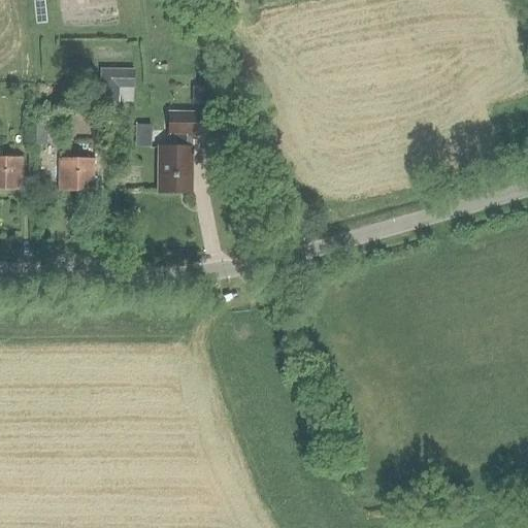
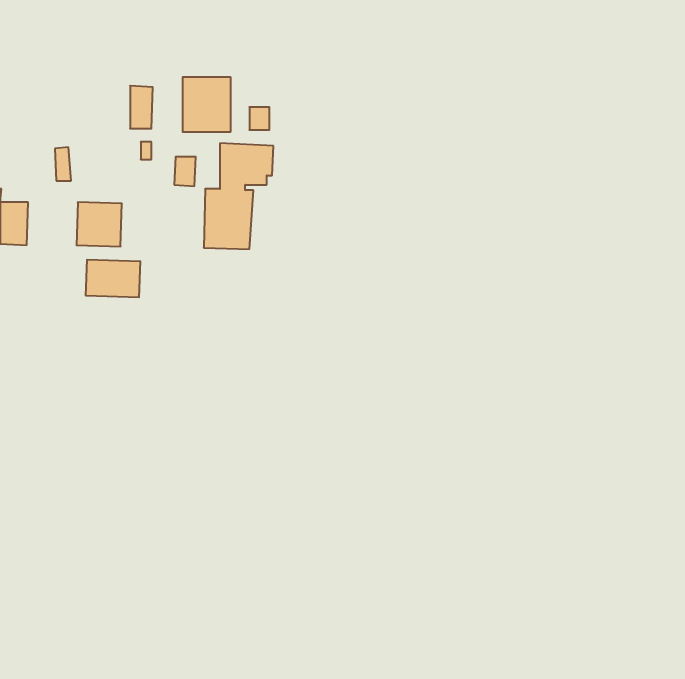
building: none -> [183,77,230,132]
building: none -> [86,260,140,297]

